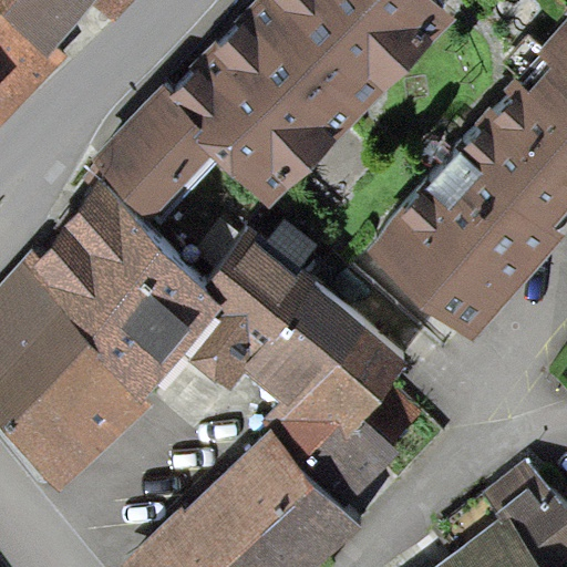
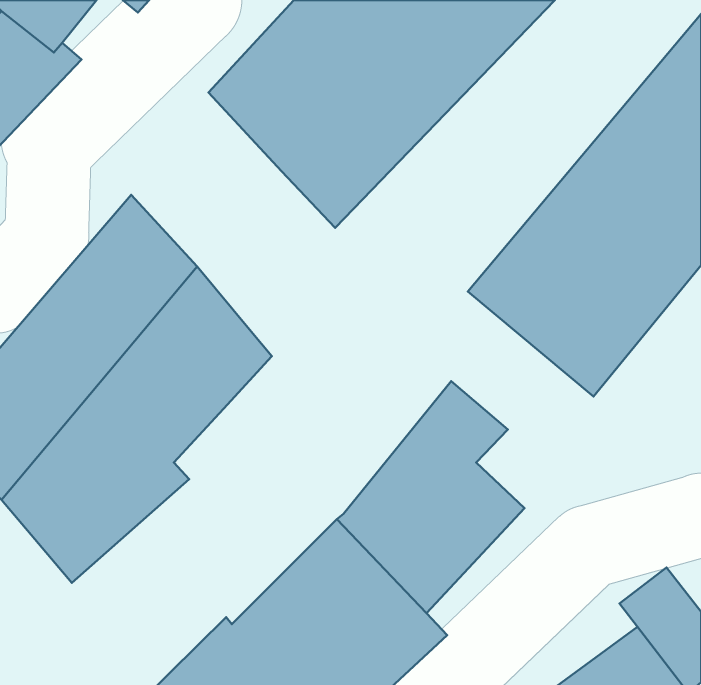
building: [91,85,226,230] -> none
building: [179,225,362,429] -> none

